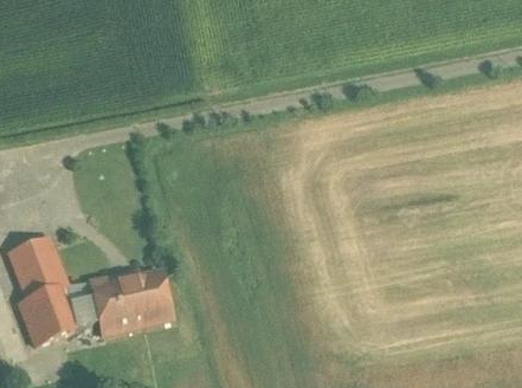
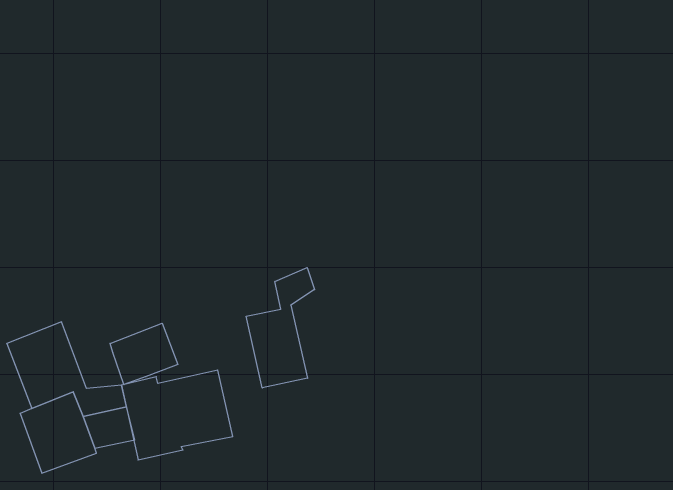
building: none -> [246,268,315,388]
building: none -> [110,323,178,385]

